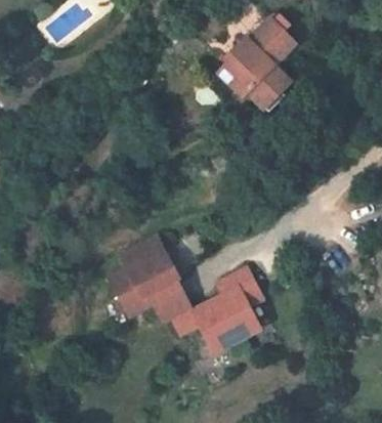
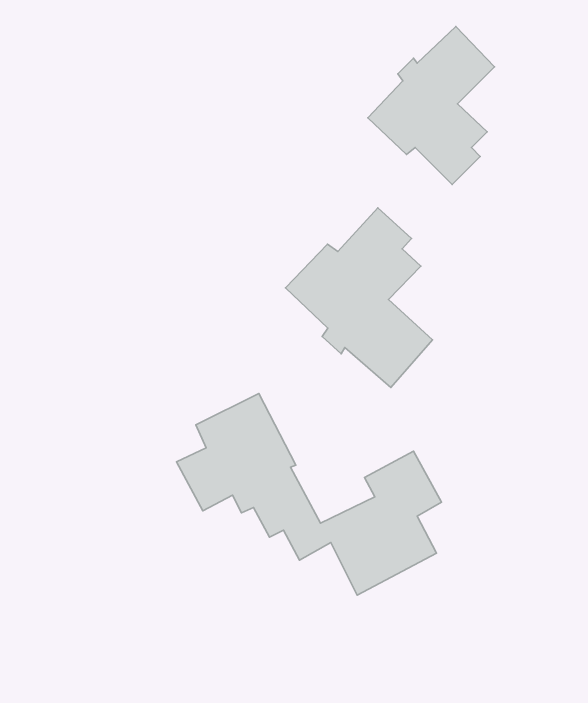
building: none -> [286,208,433,388]

